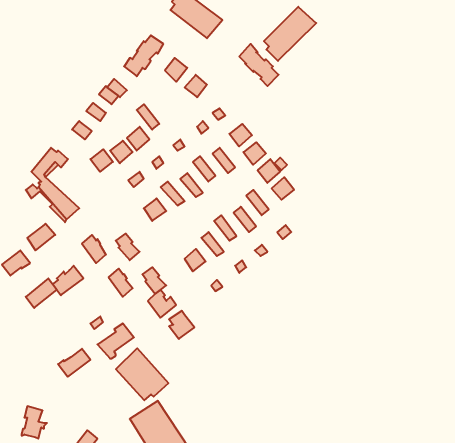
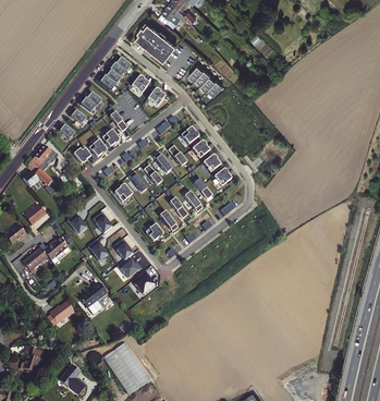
building: [264,7,316,61] -> none
building: [116,348,168,400] -> none

